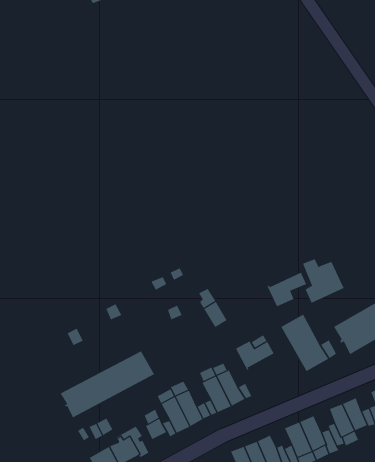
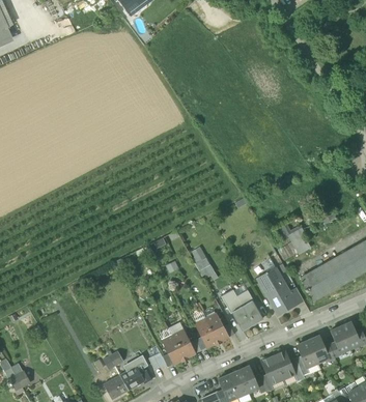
building: [267,271,307,307] -> none
building: [60,350,155,418] -> none
building: none -> [231,299,262,329]

